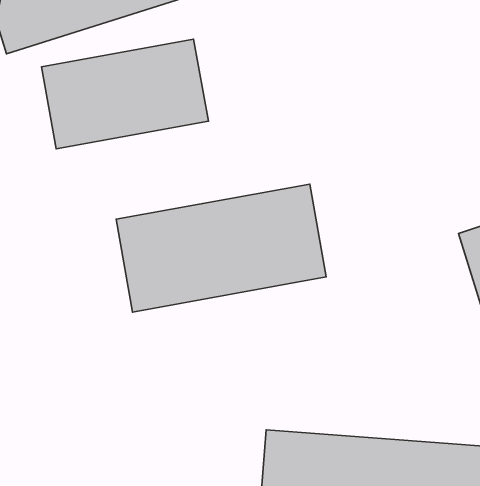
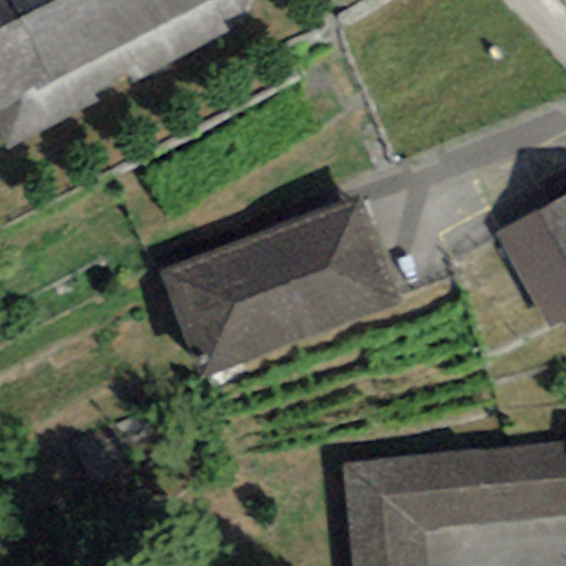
building: [41,39,209,149] -> none

